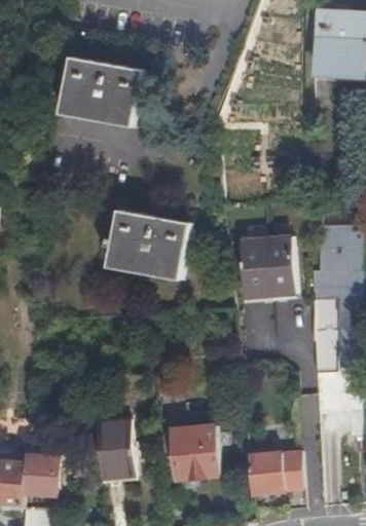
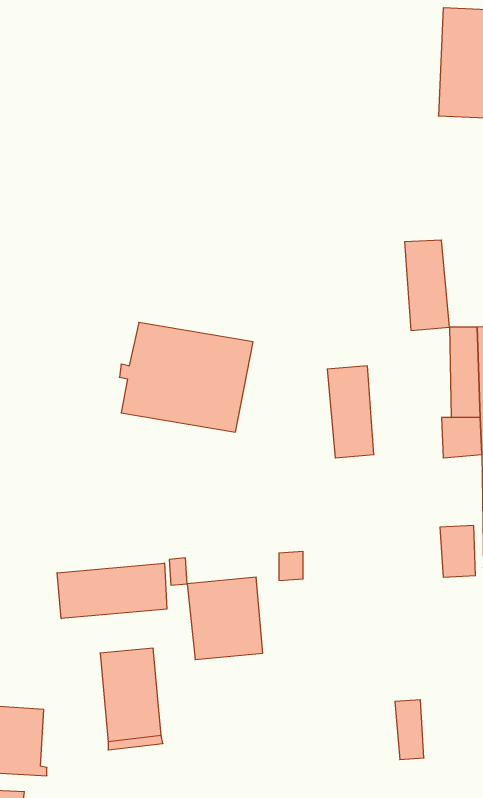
building: [59,57,142,126] -> none
building: [264,236,293,294] -> [405,240,450,330]
building: none -> [57,563,167,619]
building: [171,425,219,478] -> [187,577,263,660]
building: [247,451,285,492] -> none

